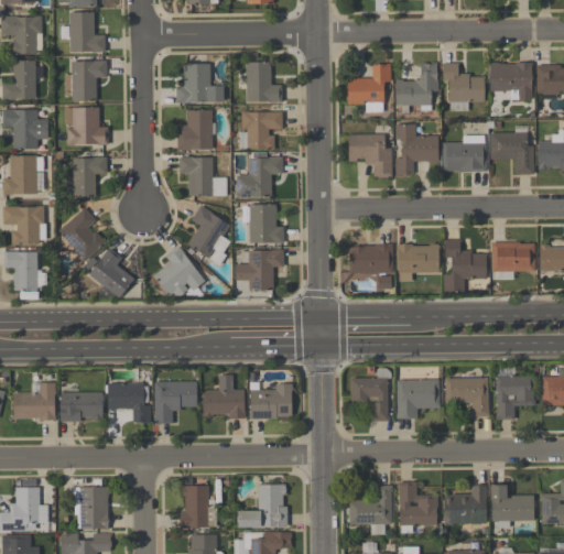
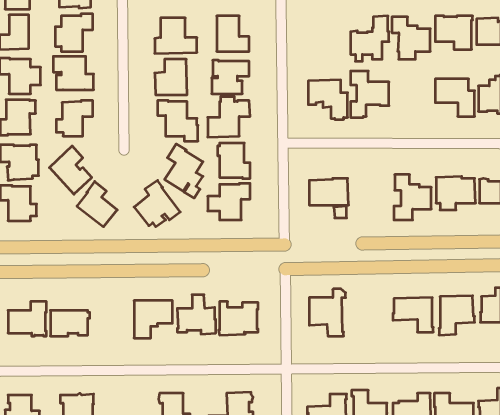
building: [348,65,391,113] -> none
building: [443,137,487,173] -> none
building: [397,245,438,282] -> none
building: [395,379,438,419] -> none
building: [105,382,150,423] -> none

